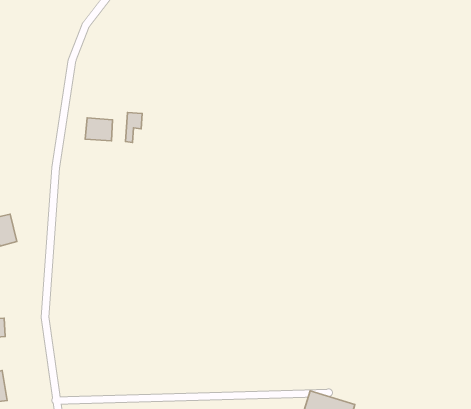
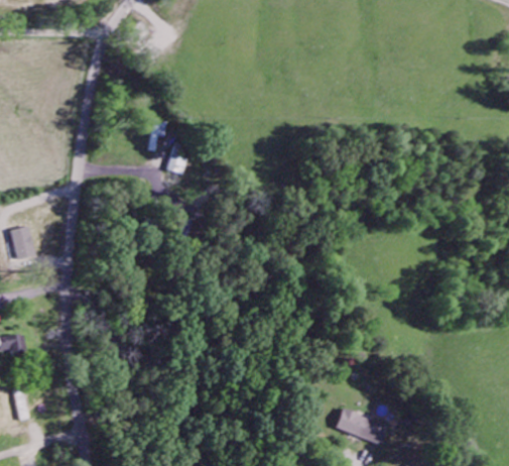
building: [85,118,112,141] -> none
building: none -> [168,142,188,173]

